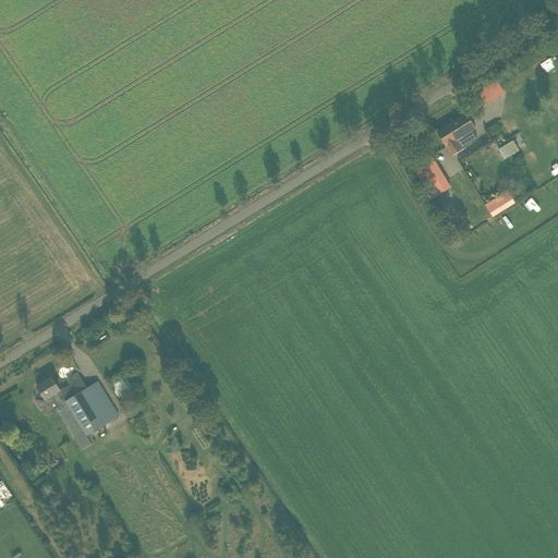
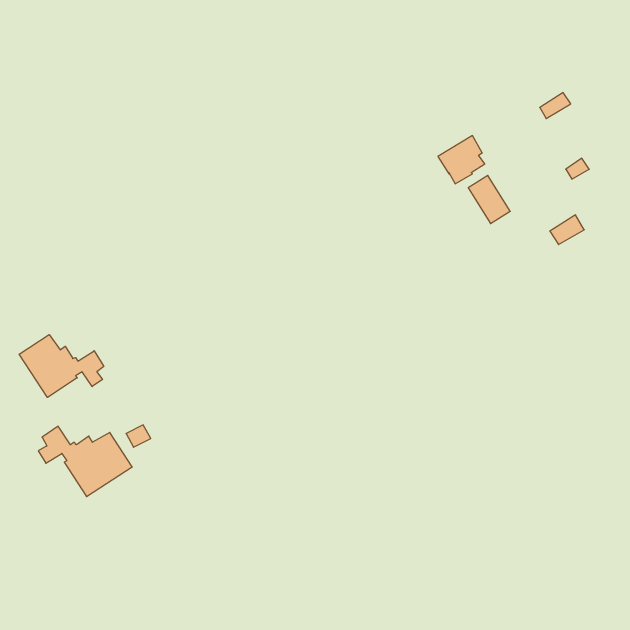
building: [437,112,478,155] -> [438,136,485,184]
building: none -> [19,335,104,397]

